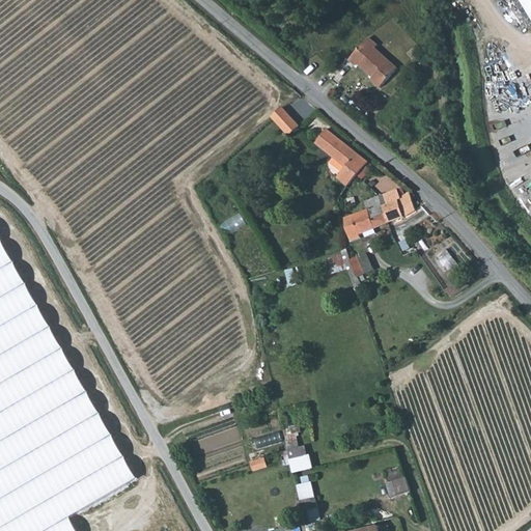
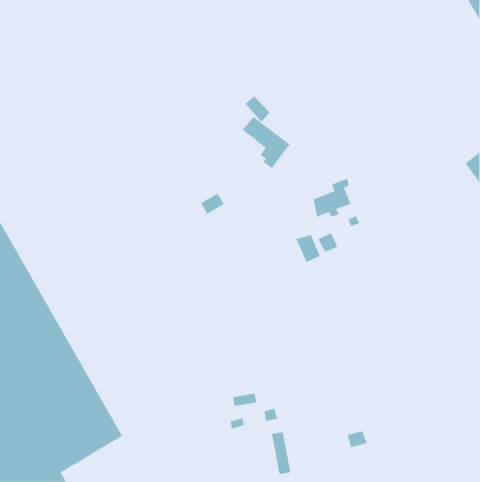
building: [345,33,396,86] -> none
building: [313,130,366,188] -> [242,116,290,169]
building: [379,190,415,224] -> none
building: none -> [296,234,321,263]

